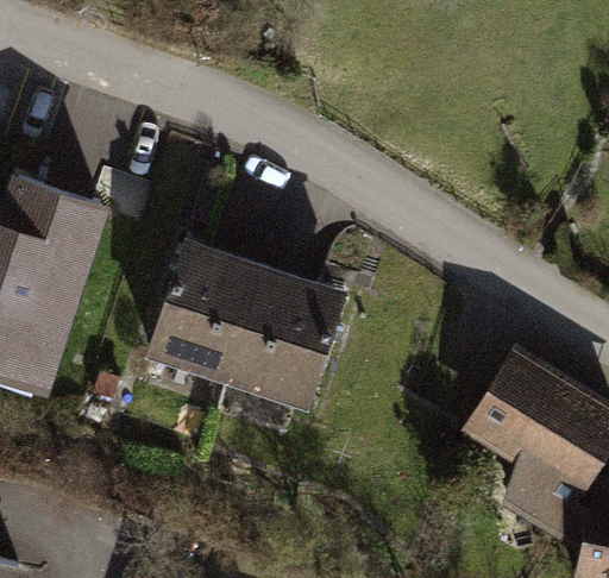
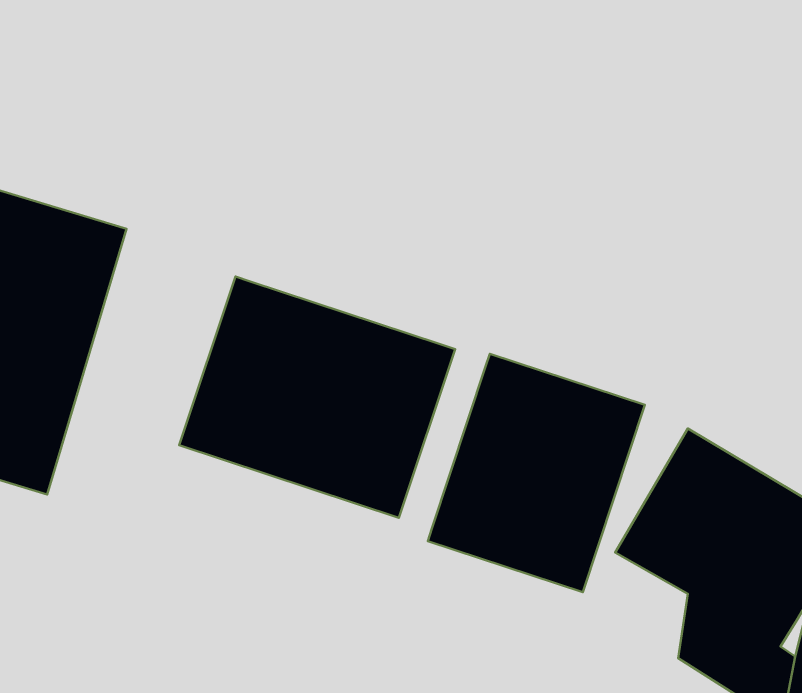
building: none -> [428,354,645,592]

